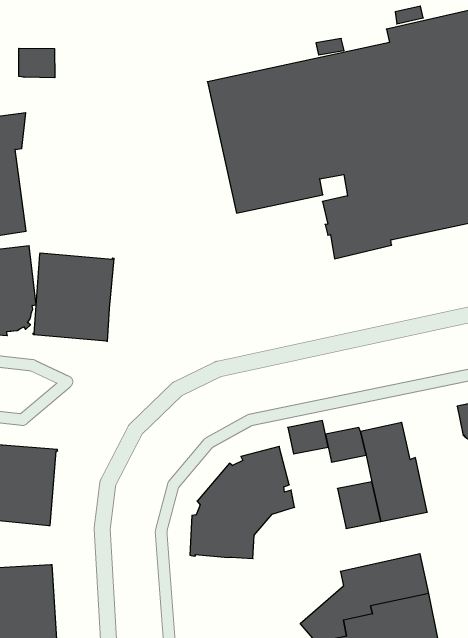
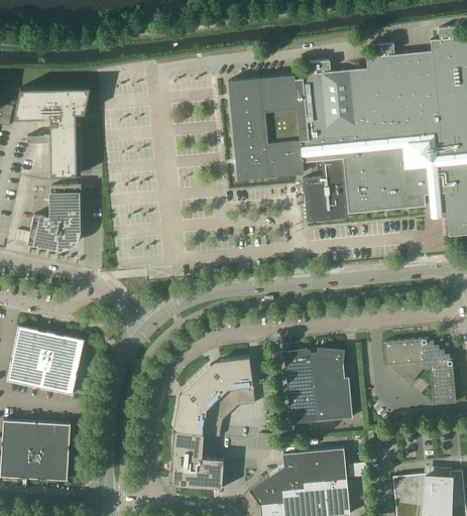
building: [19,48,55,78] -> none
building: [33,253,114,341] -> none
building: [288,421,328,454] -> [286,371,315,393]
building: none -> [170,429,224,490]

